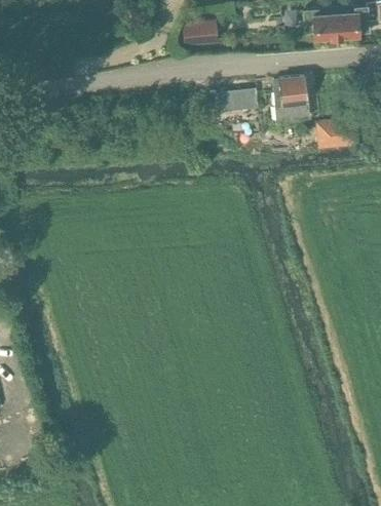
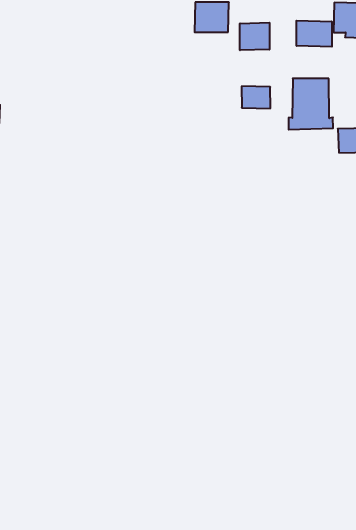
building: none -> [296,21,332,47]
building: none -> [240,23,269,50]

